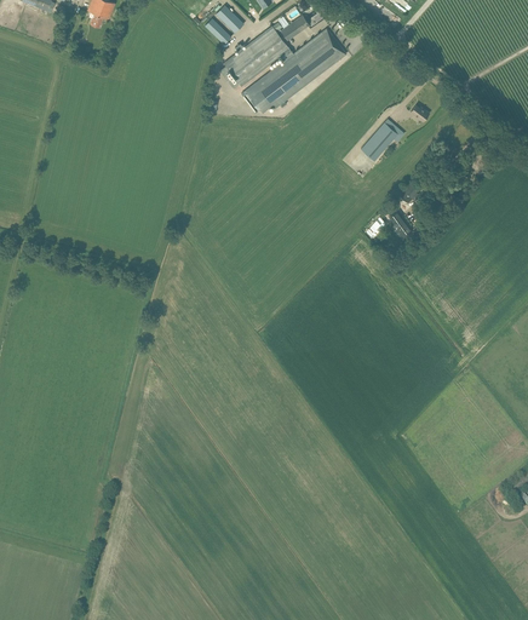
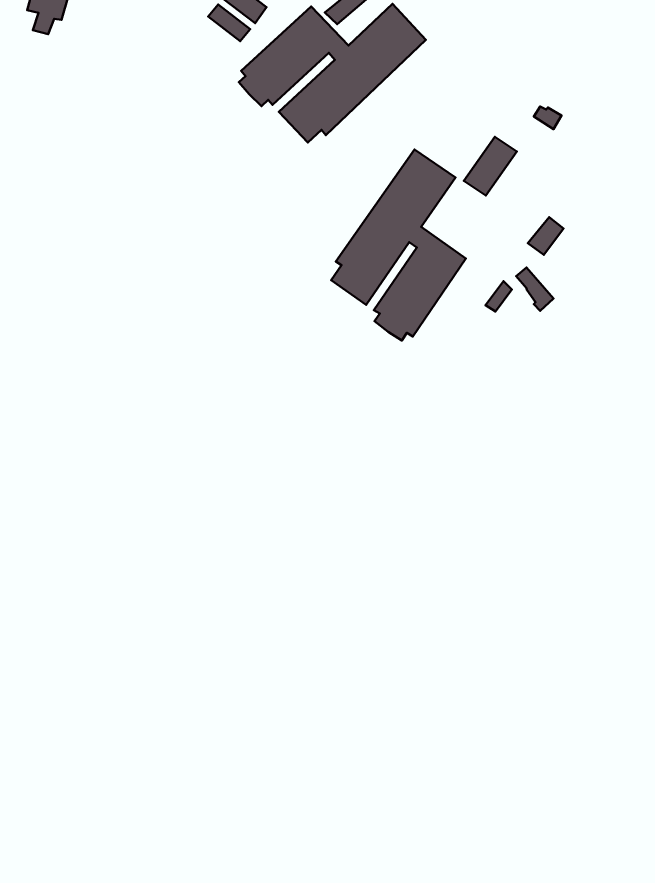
building: none -> [331,149,466,341]

